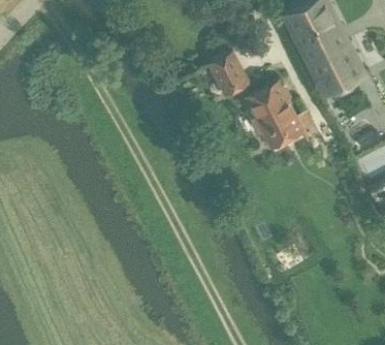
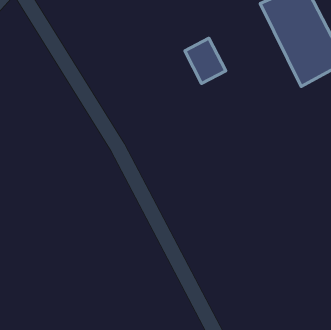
building: [245,81,303,148] -> none

